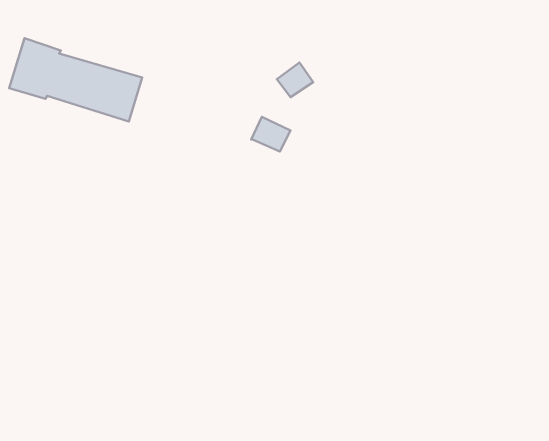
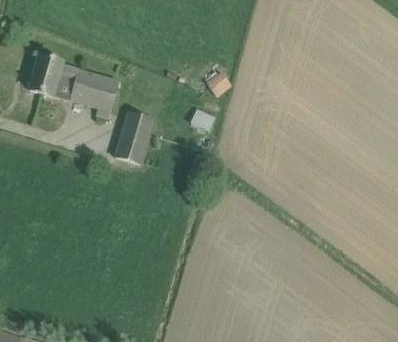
building: none -> [115,111,153,163]

